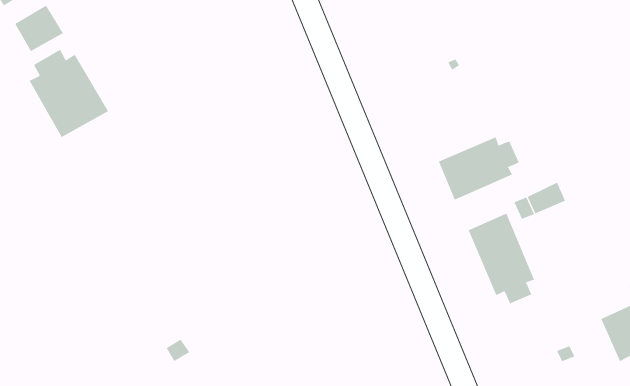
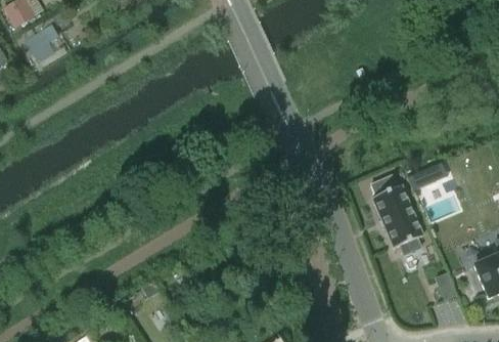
building: [29,49,109,138] -> none
building: [438,137,520,200] -> none

